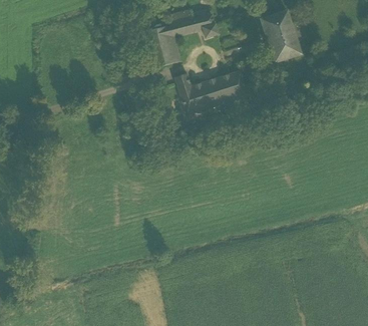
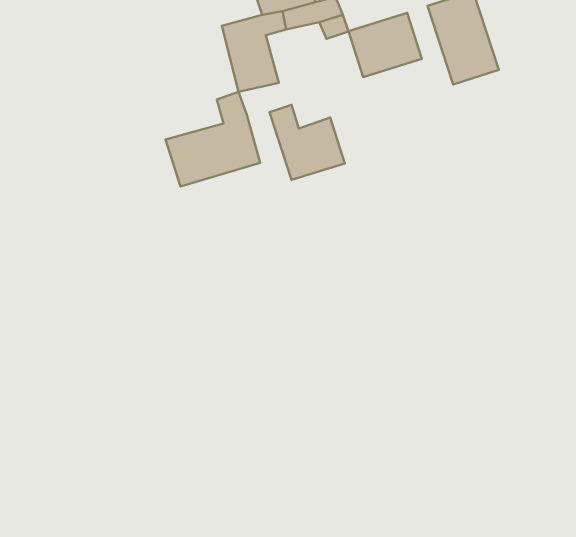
building: none -> [165,92,260,187]
building: [208,70,248,105] -> [348,13,422,77]

